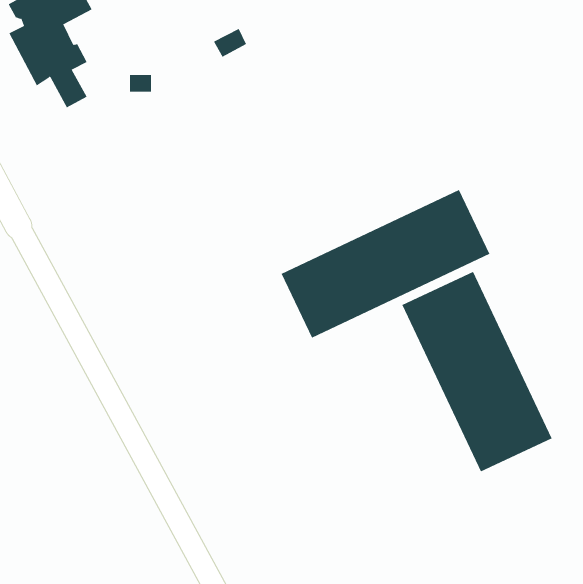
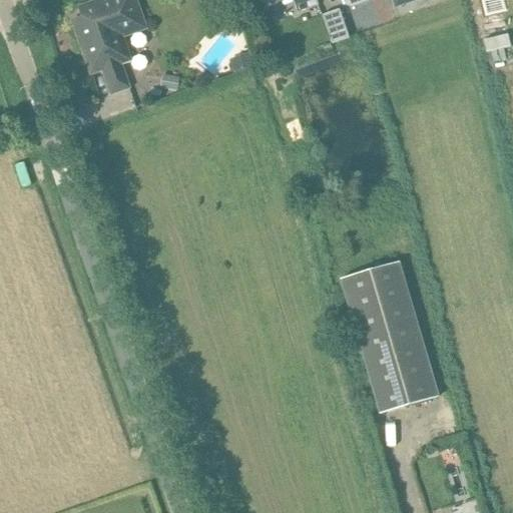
building: [281,189,490,339] -> none

